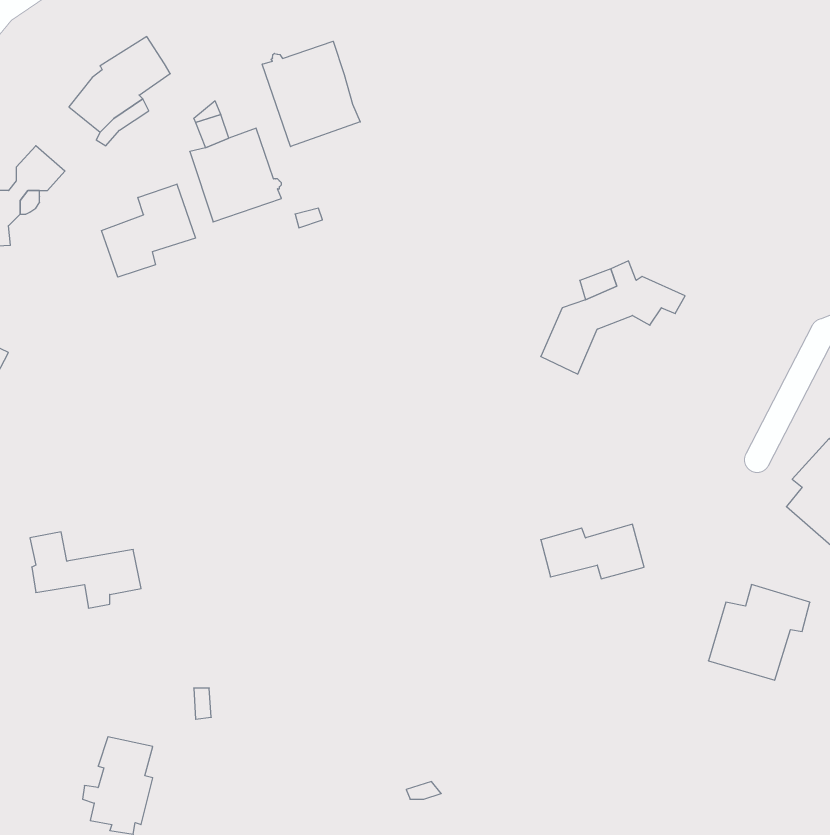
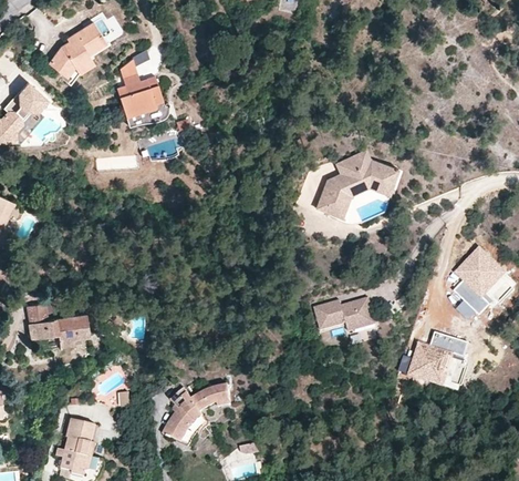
building: [262,41,360,147] -> none
building: [102,184,195,277] -> none
building: none -> [338,176,393,216]
building: none -> [163,385,231,439]

